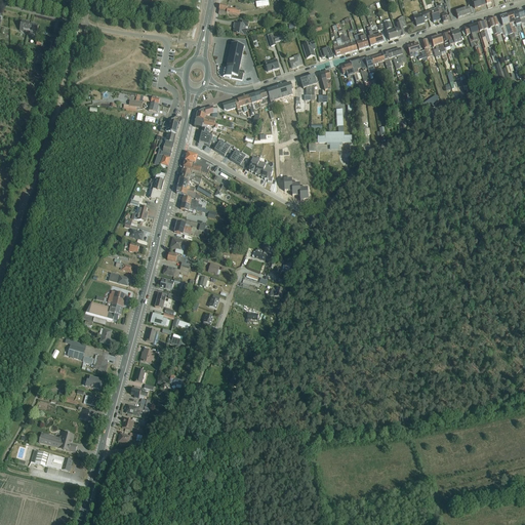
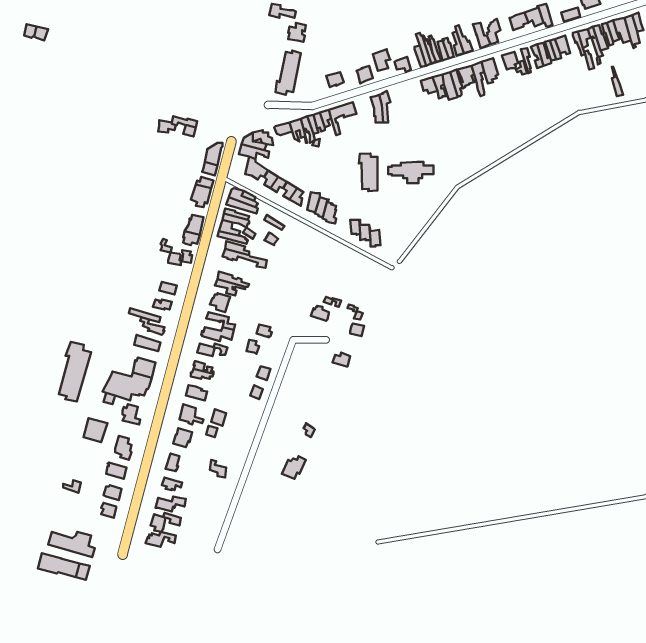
building: none -> [359,153,378,191]
building: none -> [59,342,91,401]

